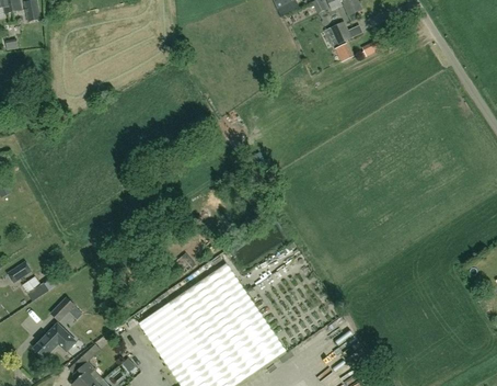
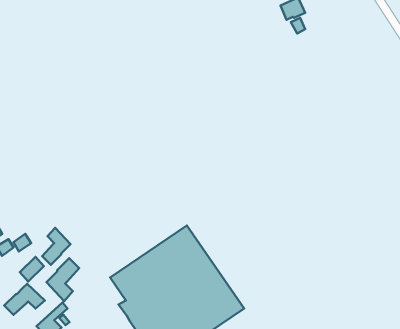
building: none -> [42,228,70,265]
building: none -> [46,258,79,301]

